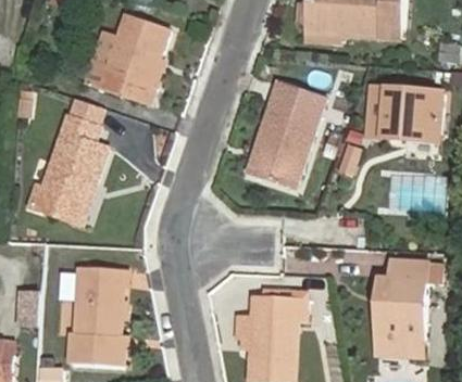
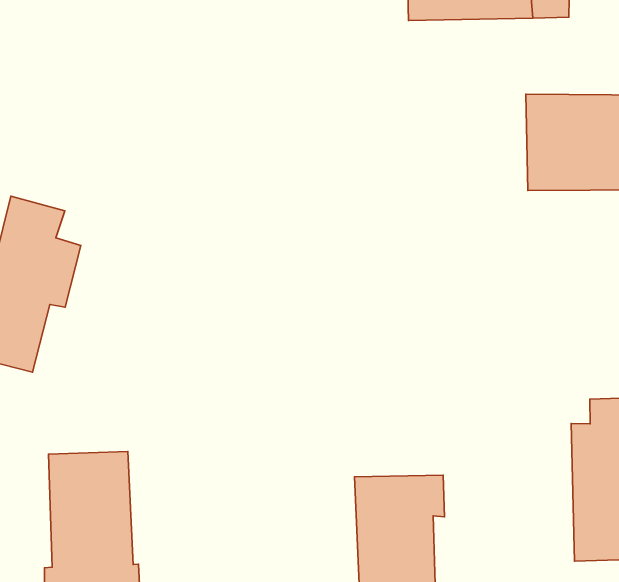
building: [99,13,170,104] -> none
building: [253,81,324,187] -> none

